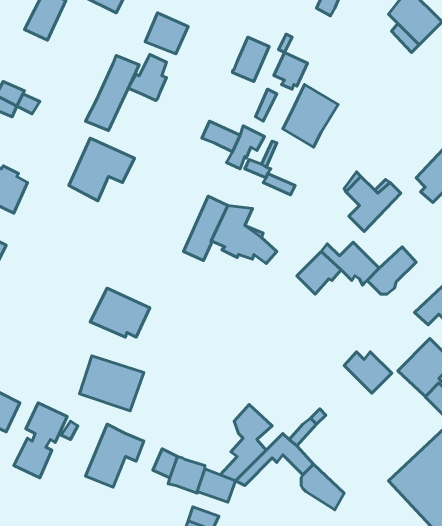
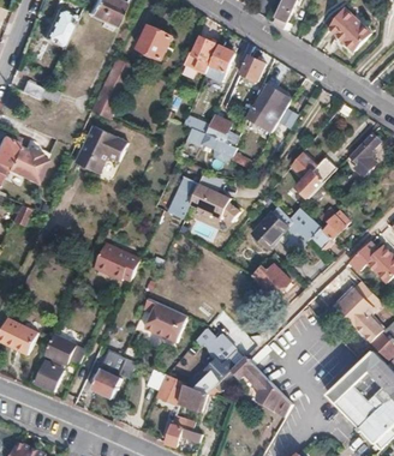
building: [128,54,167,100] -> [185,35,215,71]
building: [344,352,392,393] -> [253,263,291,295]
building: [80,356,144,411] -> [139,300,190,343]

